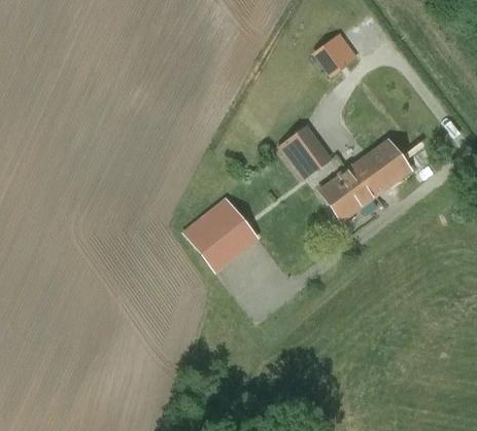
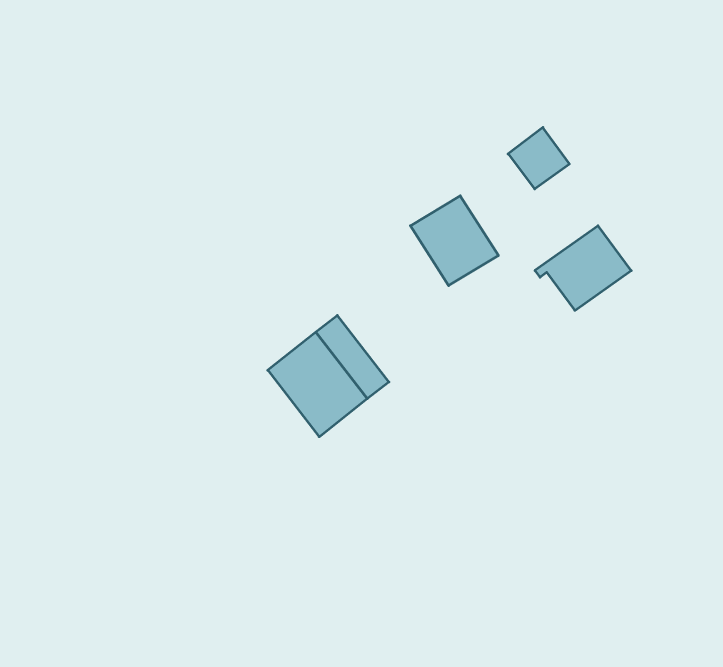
building: [318,33,356,71] -> [508,127,569,189]
building: [320,170,375,219] -> none

